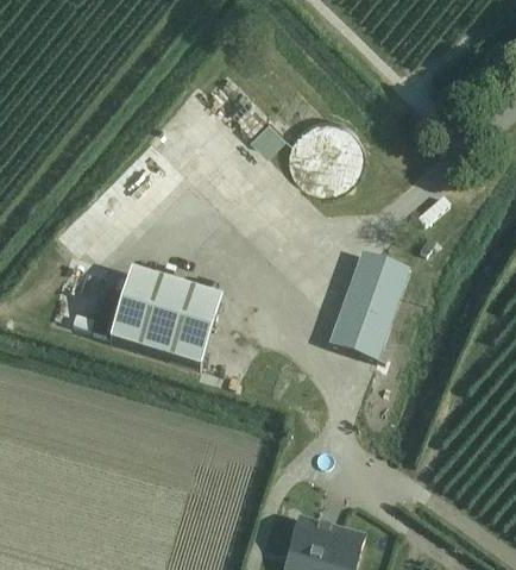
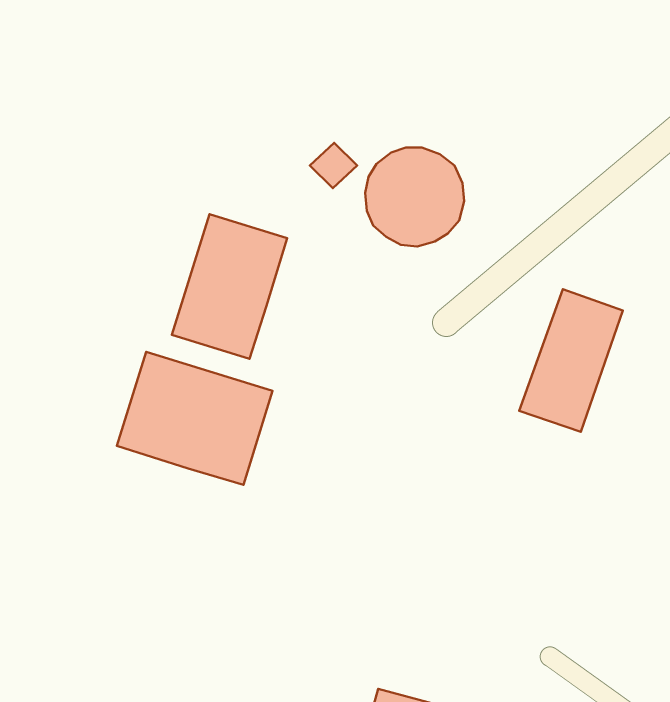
building: none -> [172,214,287,359]
building: [329,251,405,356] -> [519,289,623,432]

